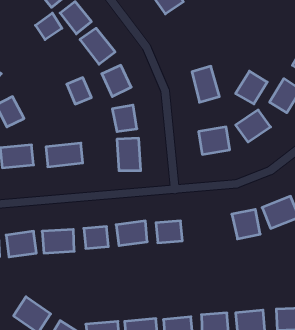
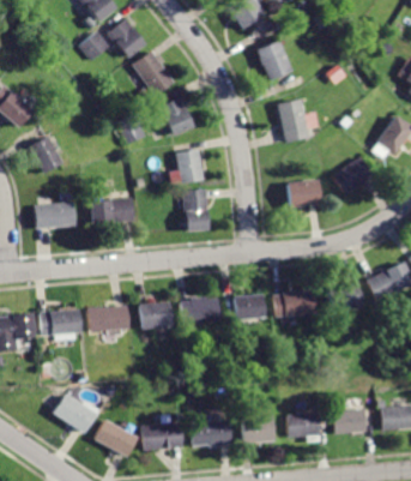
building: none -> [253,40,290,83]
building: [236,71,267,104] -> none
building: none -> [271,288,318,318]

